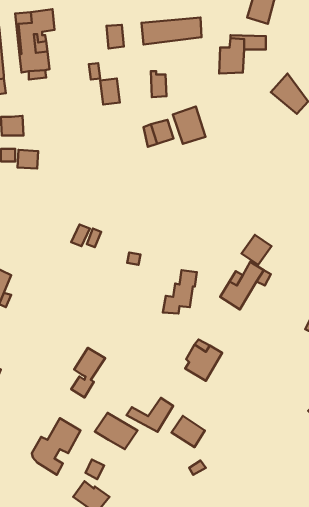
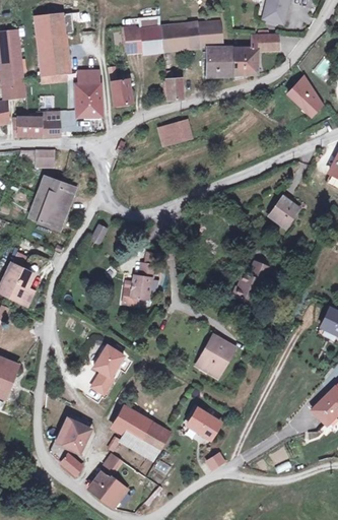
building: none -> [139,24,160,48]
building: none -> [207,48,235,75]
building: none -> [74,70,100,118]
building: [173,107,205,144] -> none
building: none -> [41,110,60,135]
building: none -> [39,177,74,229]
building: [242,235,272,265] -> [266,201,295,231]
building: [163,270,197,314] -> [122,262,155,305]
building: [127,398,173,432] -> [121,425,166,458]

